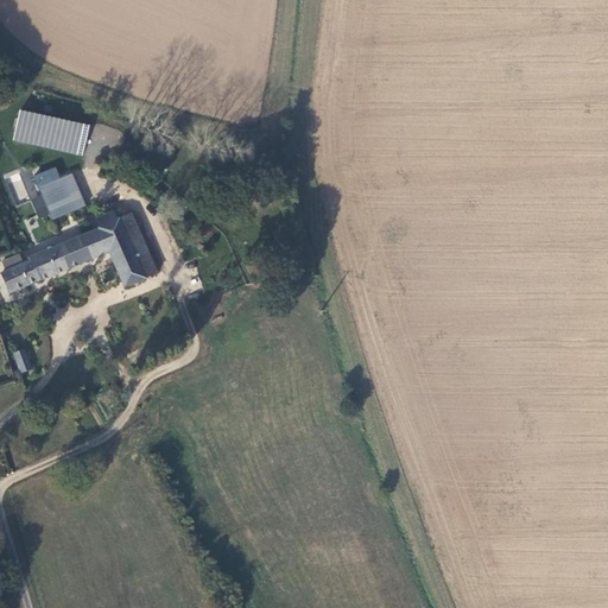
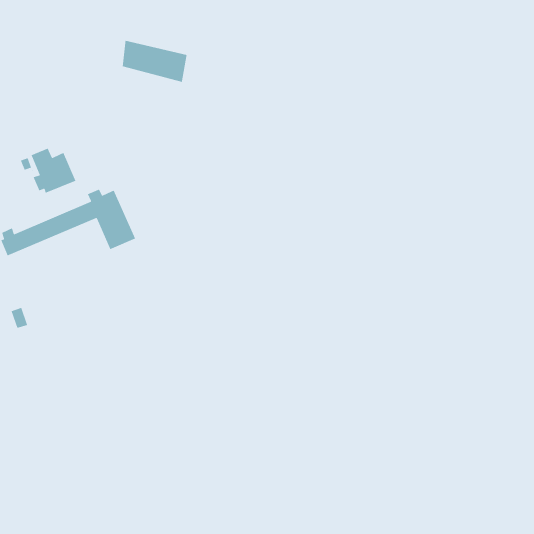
building: [12,107,87,156] -> [122,40,188,83]

